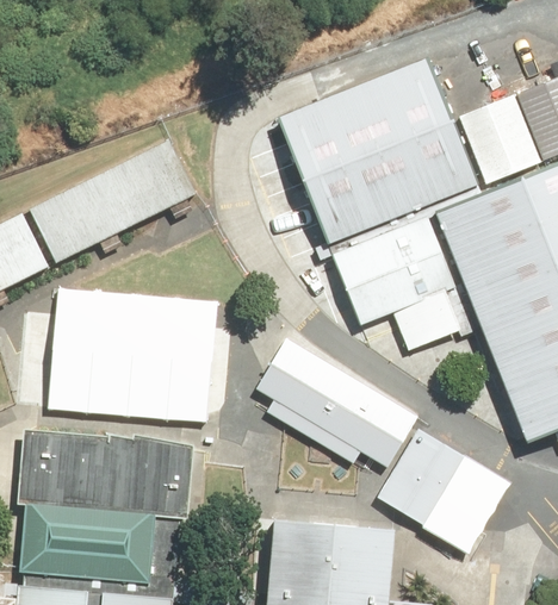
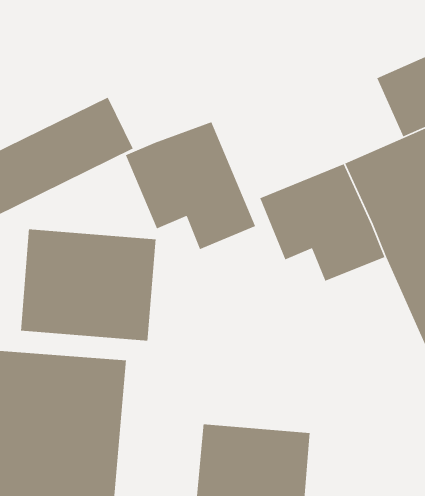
building: [281,56,480,239] -> none
building: none -> [125,121,256,250]
building: [264,336,417,467] -> none
building: [382,436,507,554] -> none

